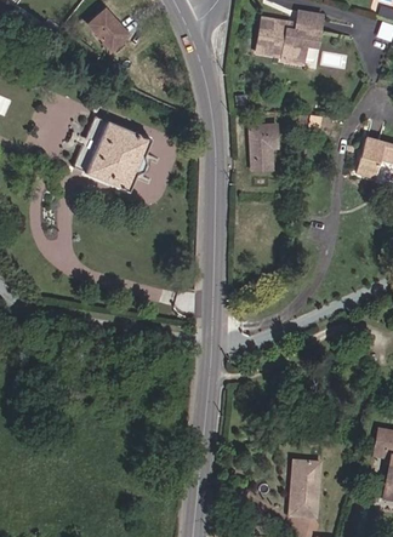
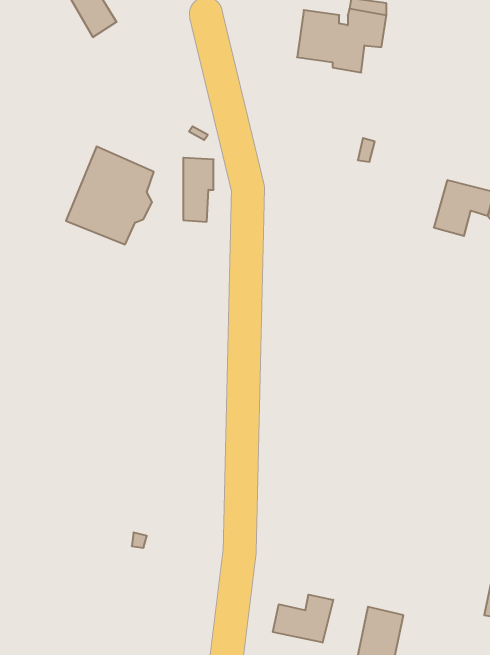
building: [247,135,269,181] -> [183,158,214,222]
building: none -> [273,595,333,643]

